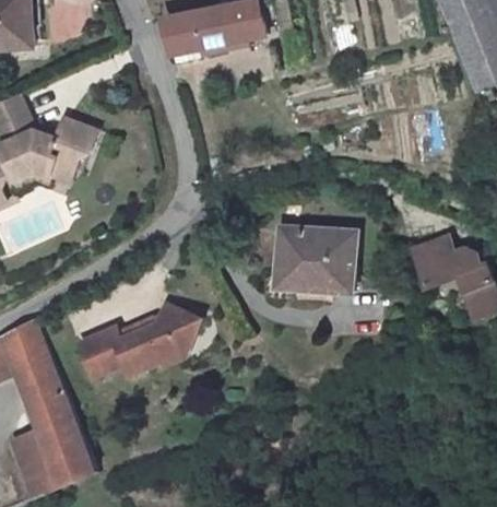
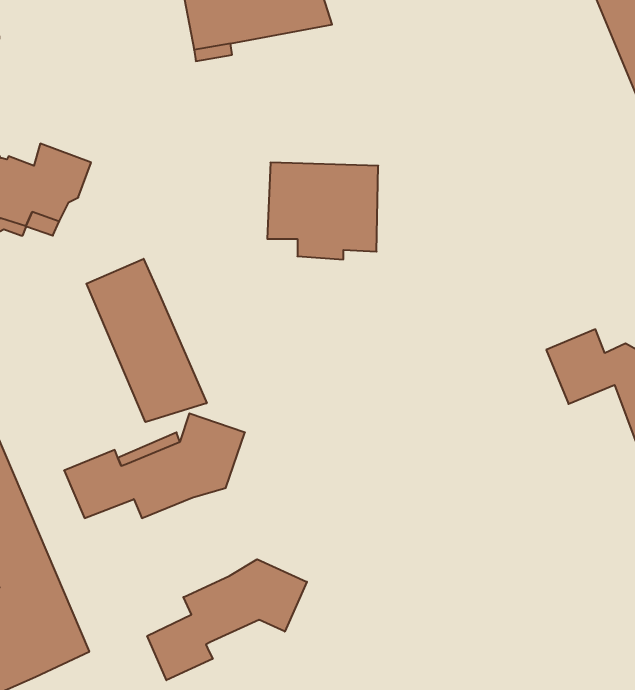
building: none -> [86,259,207,422]
building: [272,224,348,291] -> [267,163,378,259]
building: none -> [147,559,307,680]

